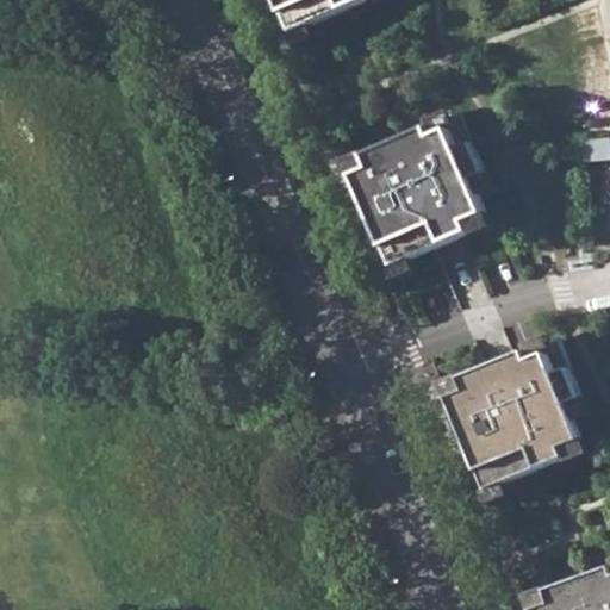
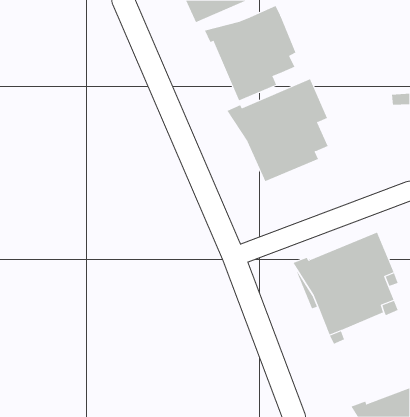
building: none -> [204,5,296,101]

